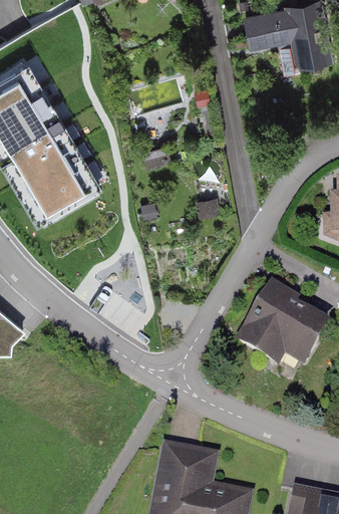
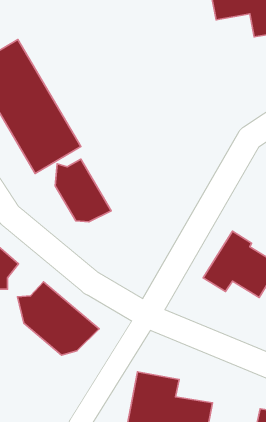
building: none -> [55,159,111,222]
building: none -> [17,282,99,355]

